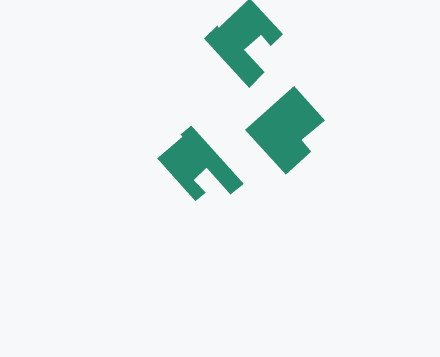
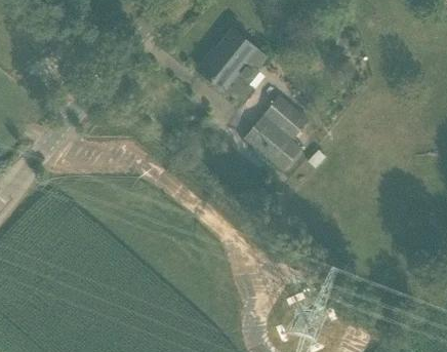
building: [156,125,245,202] -> none

